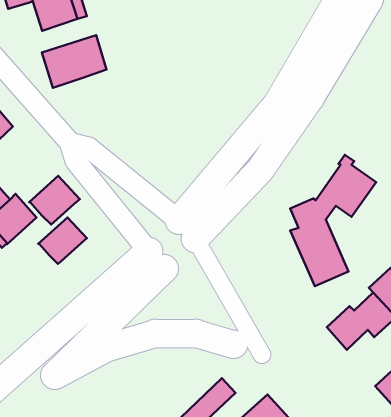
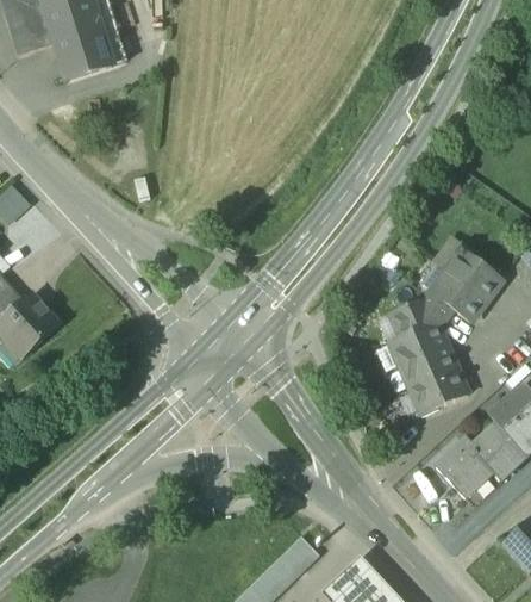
building: [42,35,106,88] -> none
building: [29,176,80,225] -> none
building: [38,217,87,264] -> none

